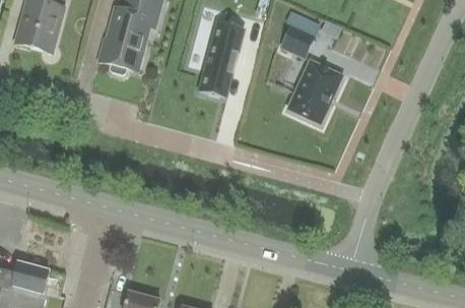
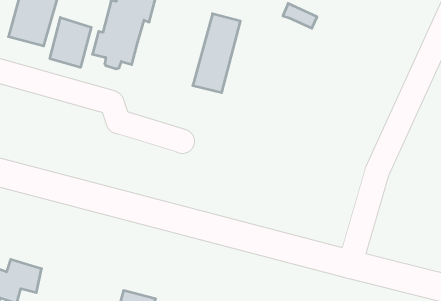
building: none -> [50,17,91,67]
building: [281,24,314,57] -> none
building: [286,59,342,123] -> none

